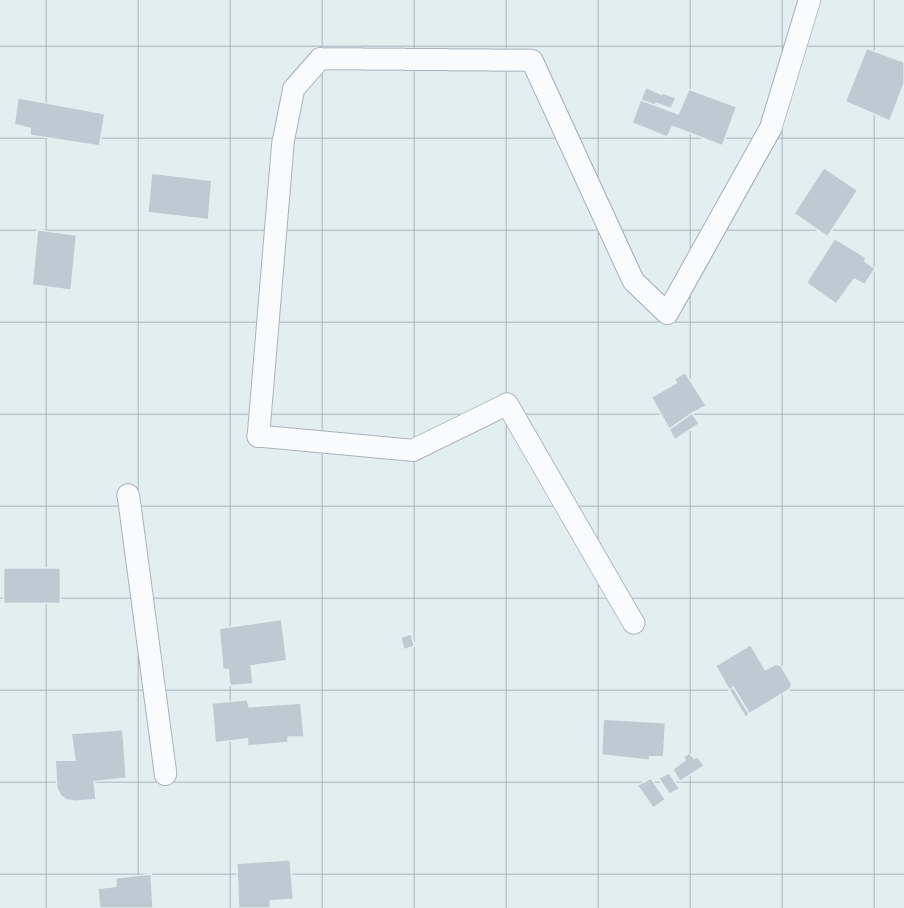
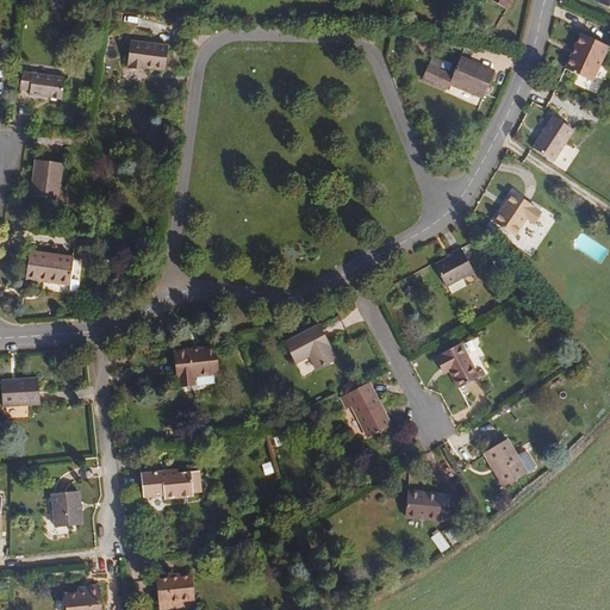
building: [148,173,212,220] -> [114,38,157,69]
building: [806,238,875,304] -> [494,193,541,237]
building: none -> [26,250,74,285]
building: none -> [285,324,337,369]
building: none -> [436,343,480,387]
building: none -> [342,384,391,437]
building: [219,620,287,685] -> [174,343,219,387]

